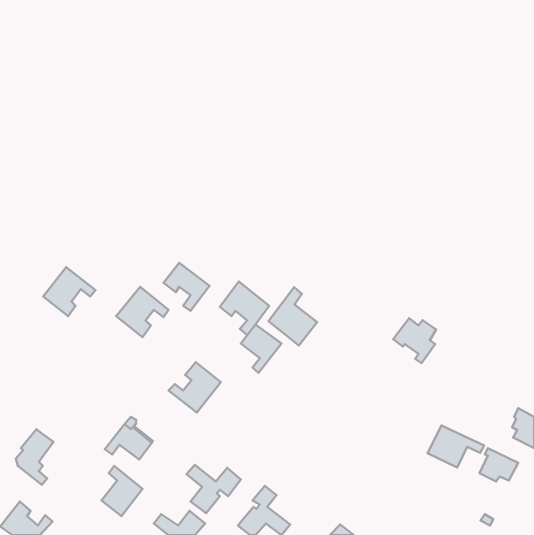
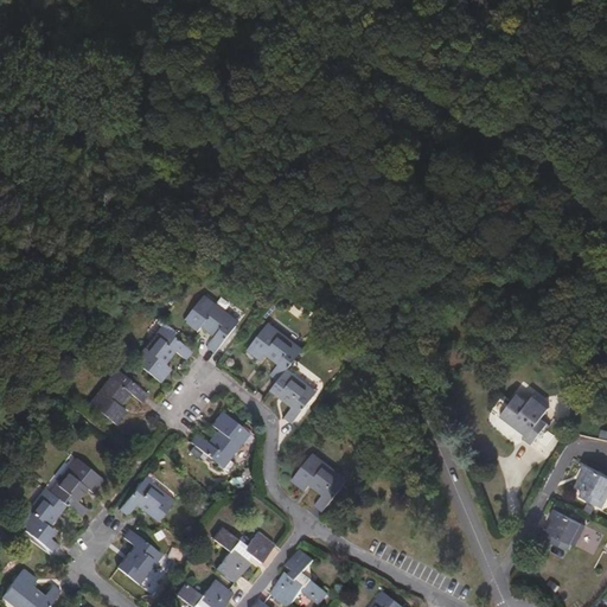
building: [43,267,95,316] -> [88,368,147,423]
building: [268,287,317,346] -> none
building: [393,318,436,363] -> [501,391,550,442]
building: none -> [293,452,347,510]
building: none -> [47,456,102,517]
building: [427,425,484,468] -> none

